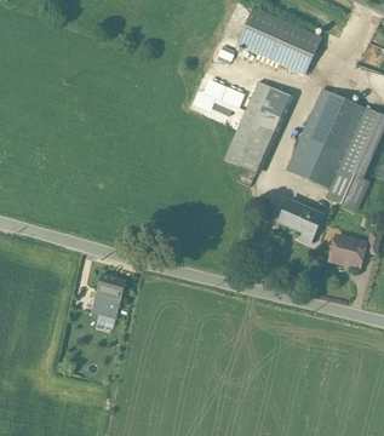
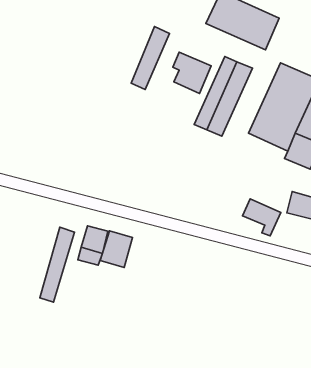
building: none -> [131,26,170,90]
building: [279,200,322,242] -> [243,199,281,236]
building: none -> [40,227,74,302]
building: none -> [100,231,132,268]

